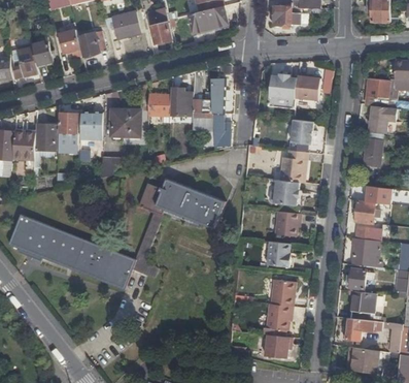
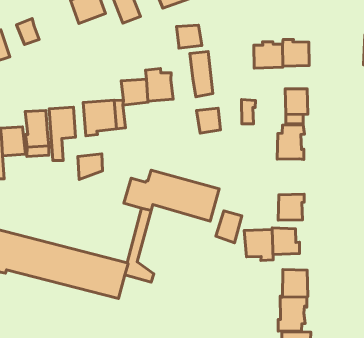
building: [76,31,105,57] -> none
building: [193,98,213,118] -> [177,25,202,48]
building: [269,180,299,205] -> none
building: none -> [216,211,242,243]
building: none -> [244,230,273,260]

